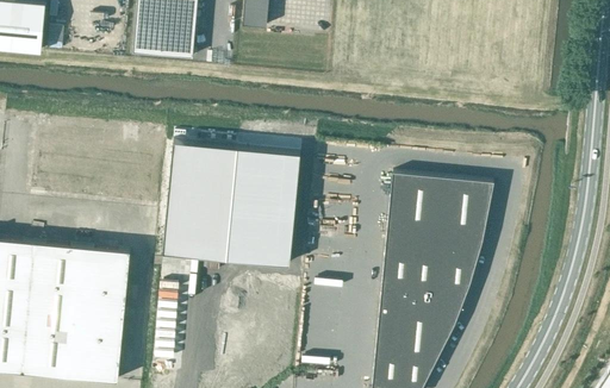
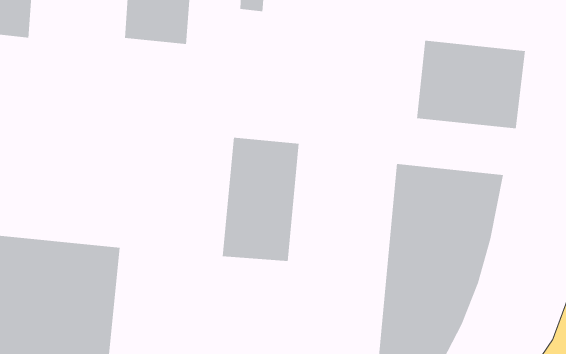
building: none -> [417,40,525,129]
building: [162,143,237,261] -> none

